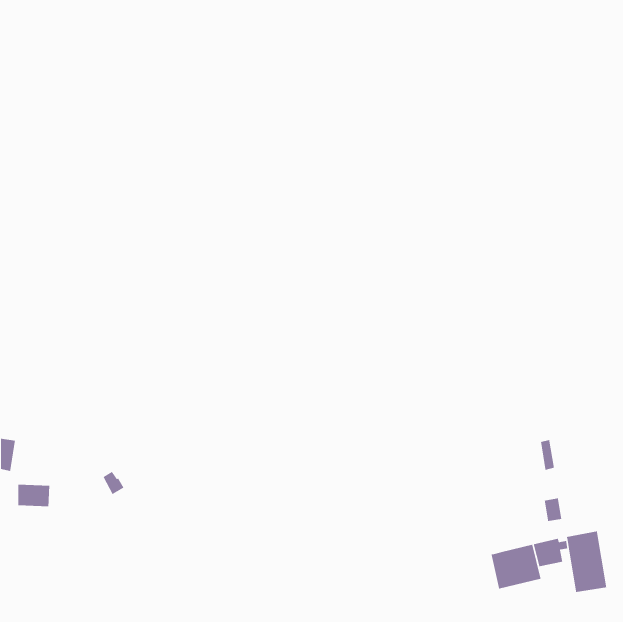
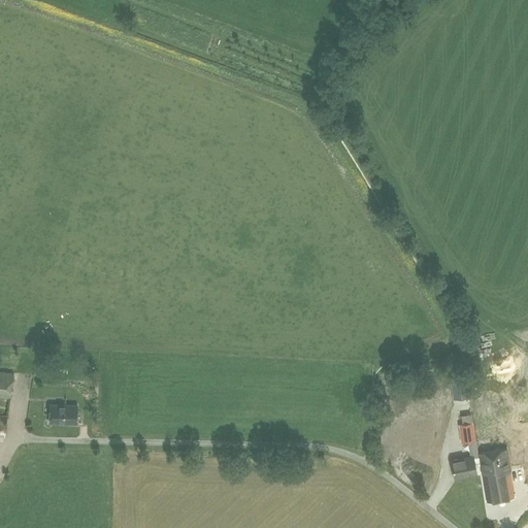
building: [17,484,50,507] -> [50,405,77,425]
building: [491,544,542,589] -> none

